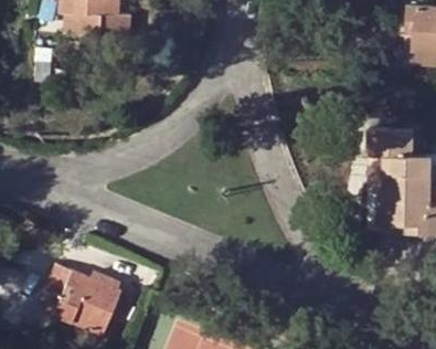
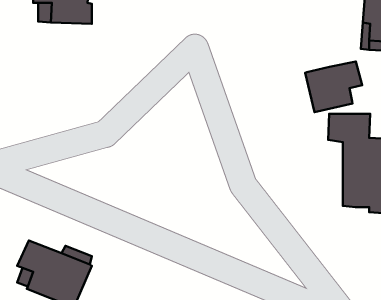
building: none -> [305,61,362,112]

